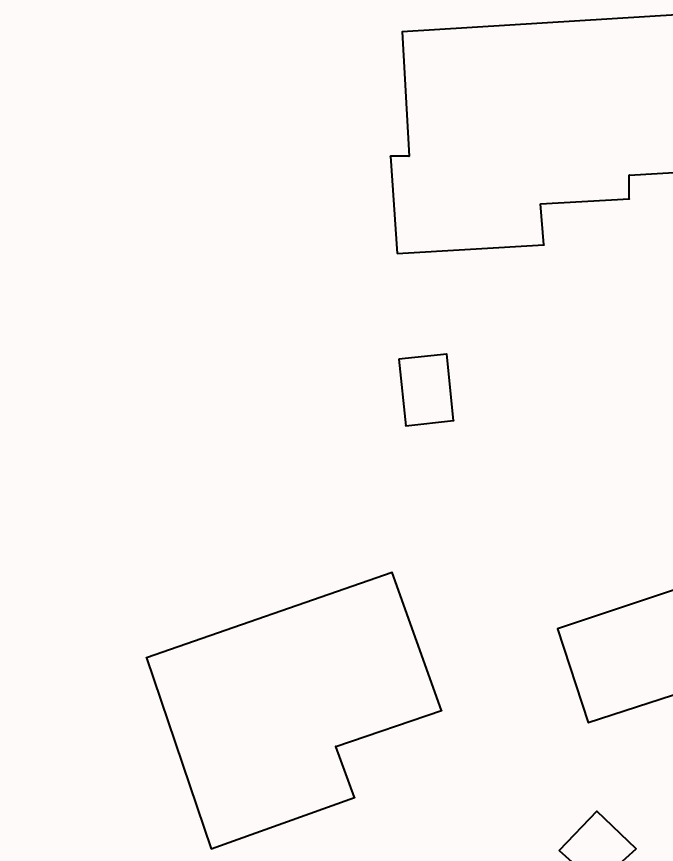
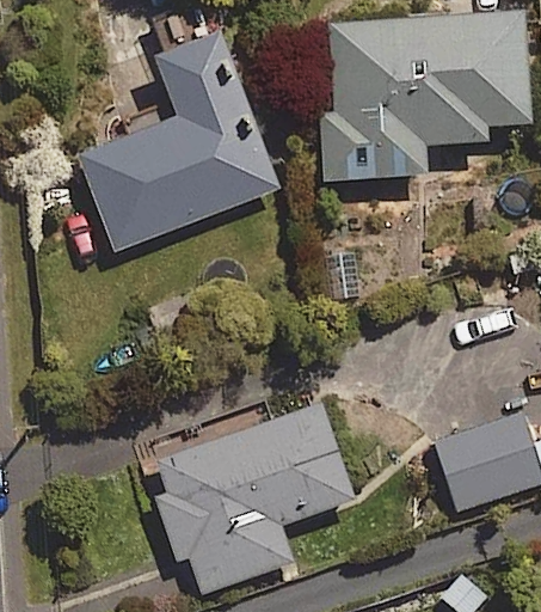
building: none -> [79,32,278,249]

